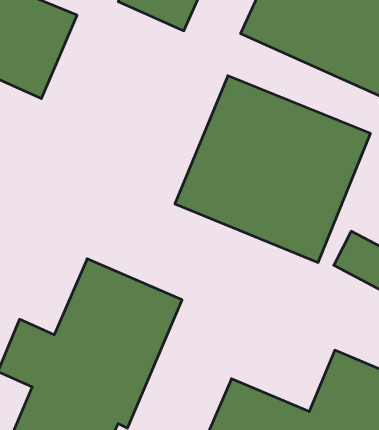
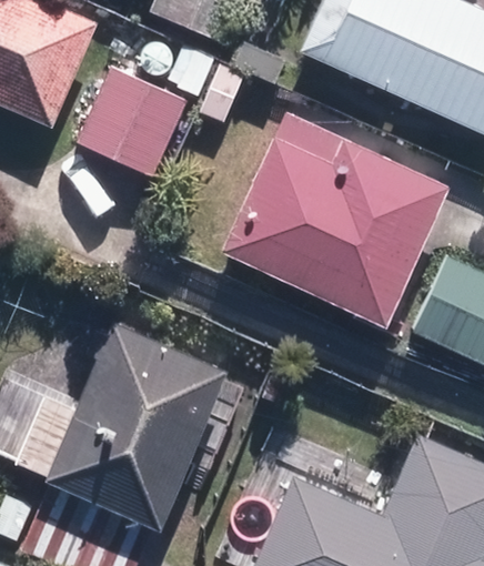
building: none -> [74,62,194,180]

